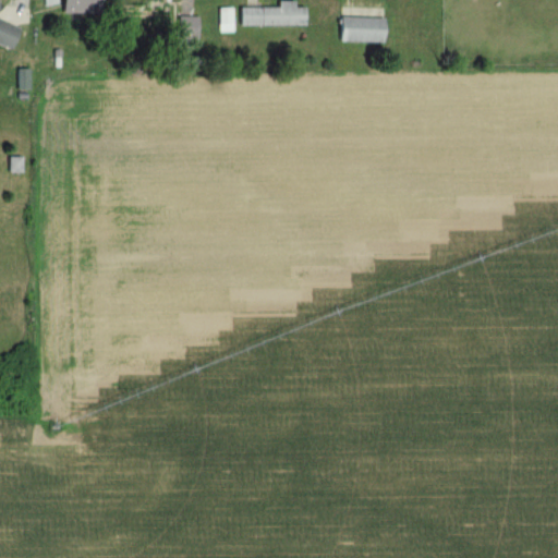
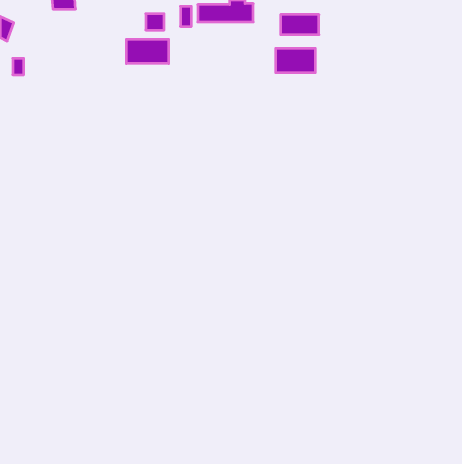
building: none -> [126,39,169,64]
building: none -> [276,48,315,73]

